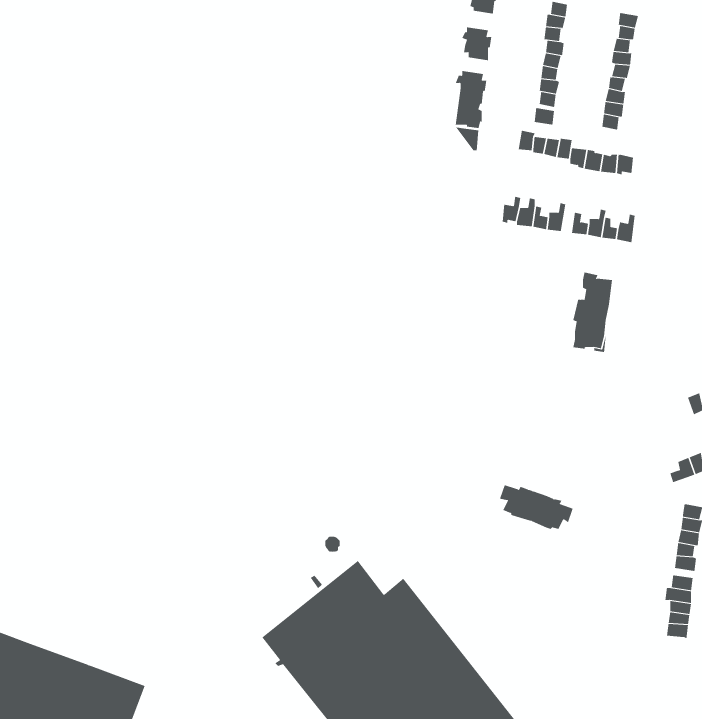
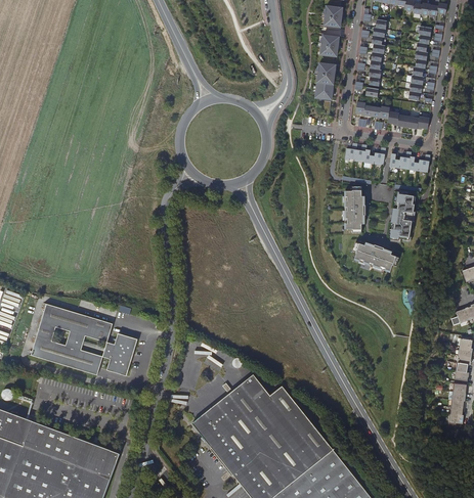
building: none -> [345,186,363,233]
building: none -> [32,304,138,376]
building: [499,484,573,530] -> [352,242,399,271]

